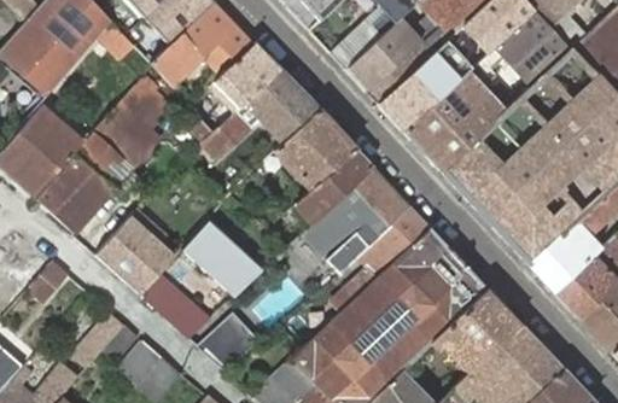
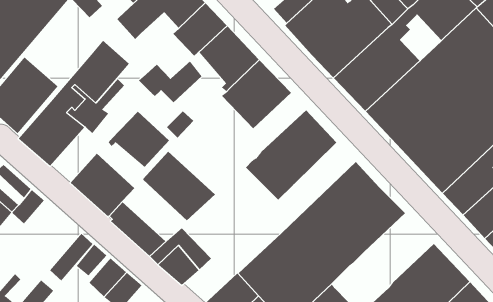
building: [297,148,373,224] -> none
building: none -> [108,111,170,168]
building: [333,206,431,311] -> none
building: [441,288,521,375] -> none

